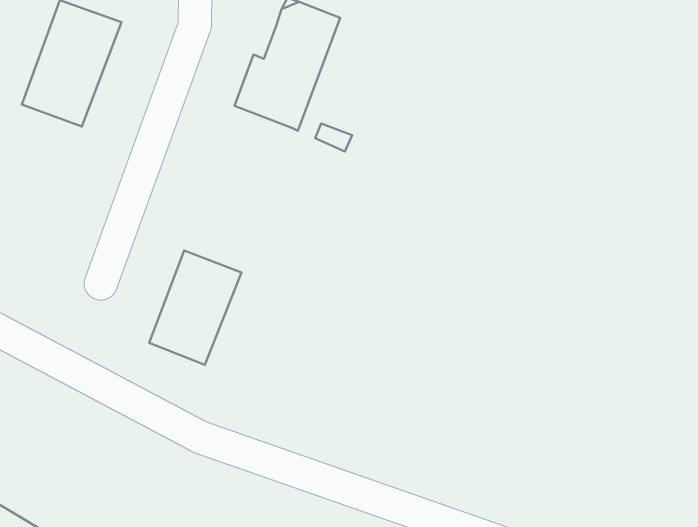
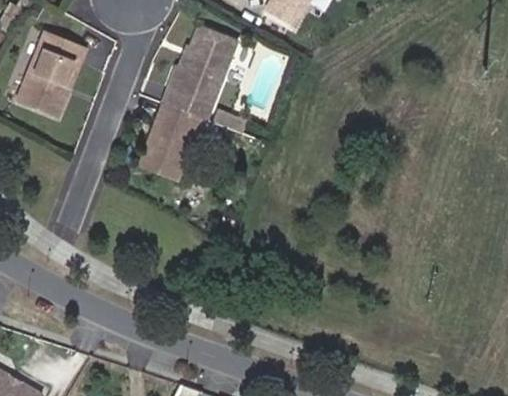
building: [149,250,242,365] -> [139,101,202,179]

